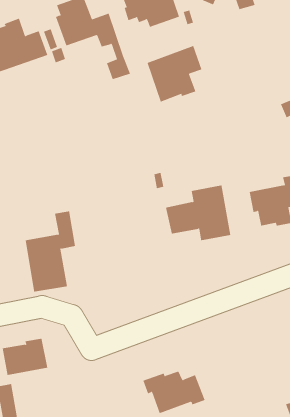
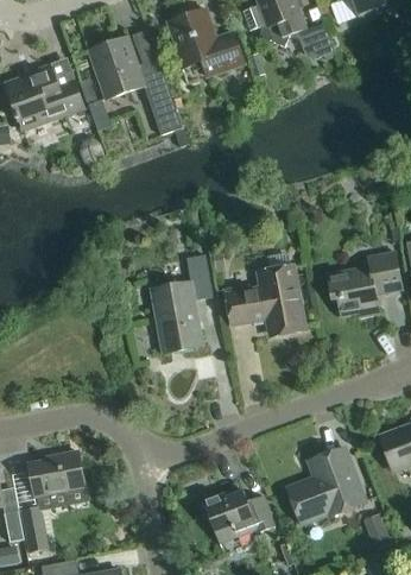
building: [147,45,202,102] -> none
building: [25,211,76,292] -> [150,254,211,353]
building: none -> [286,448,363,524]

